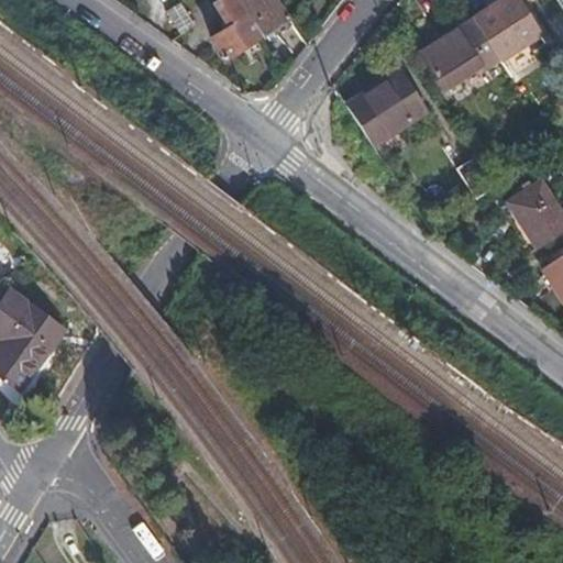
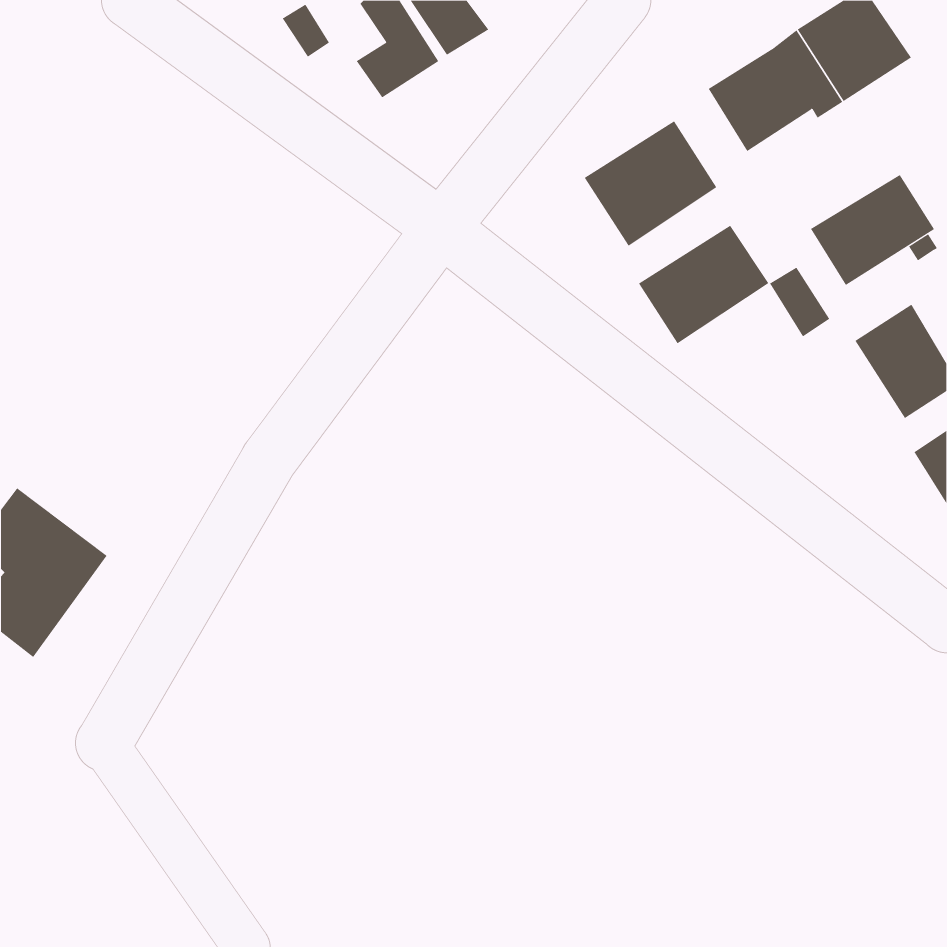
building: none -> [810,174,935,286]
building: none -> [638,225,769,344]

